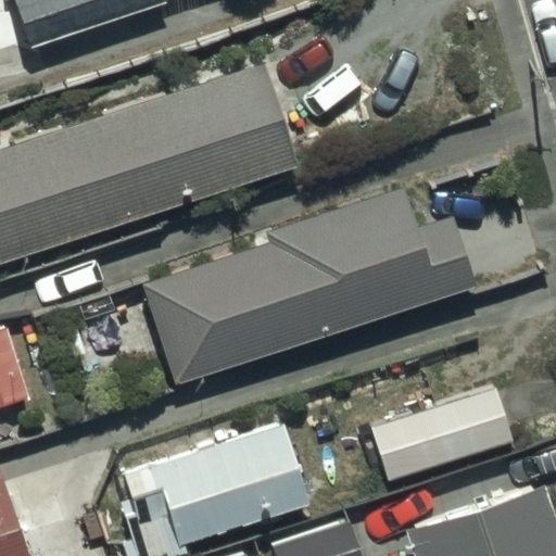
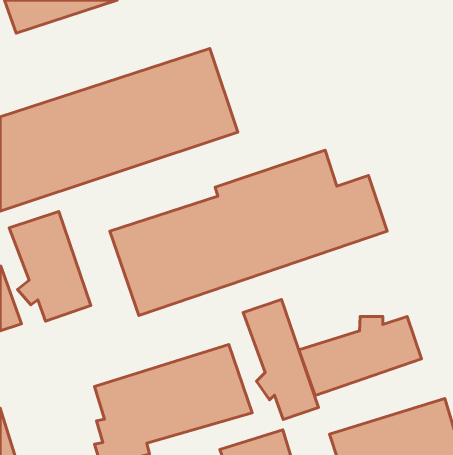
building: none -> [9,211,91,321]
building: none -> [243,300,318,420]

